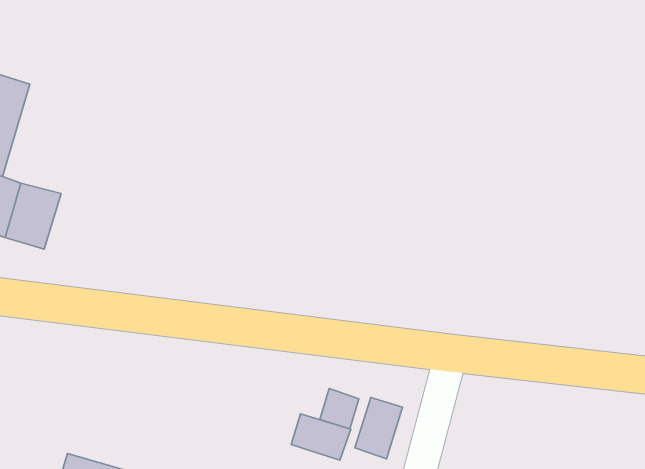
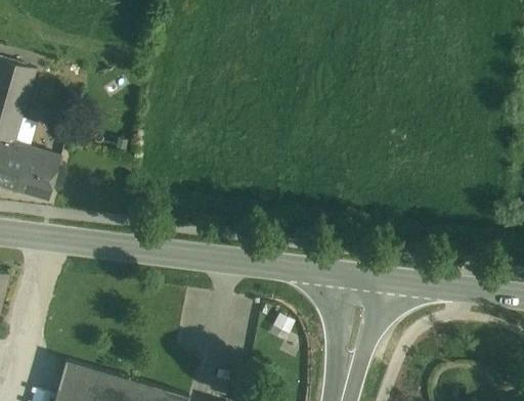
building: [355,397,402,459] -> none
building: [291,414,351,460] -> none

